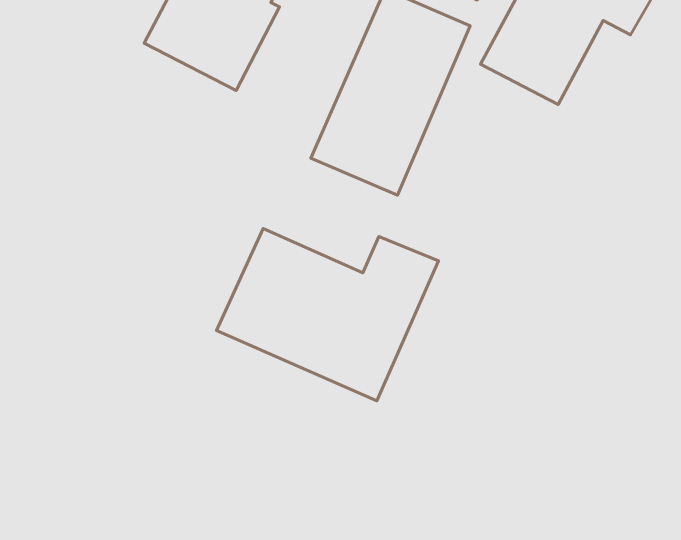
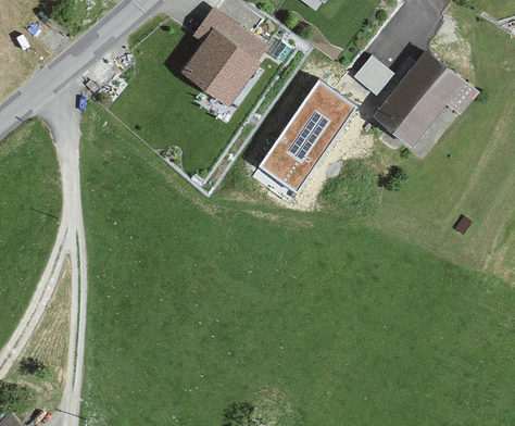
building: [217,229,438,401] -> none

